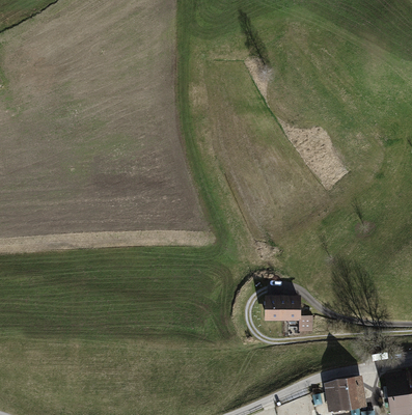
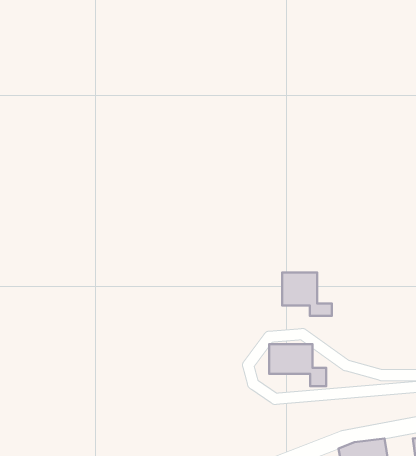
building: none -> [282,272,332,316]

